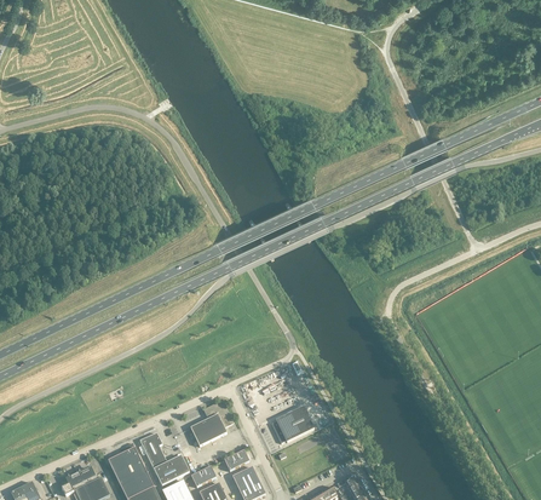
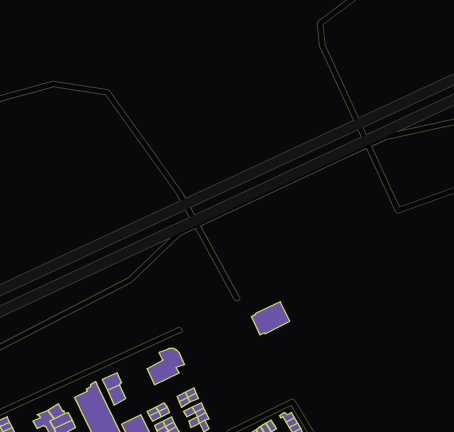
building: [270,404,313,442] -> [251,302,290,335]
building: [152,454,189,484] -> none

